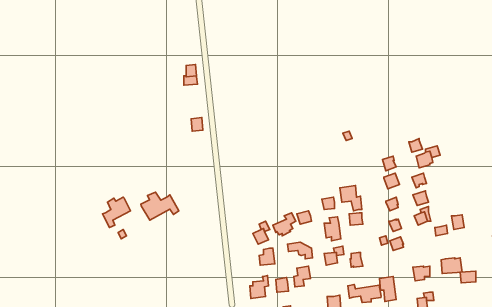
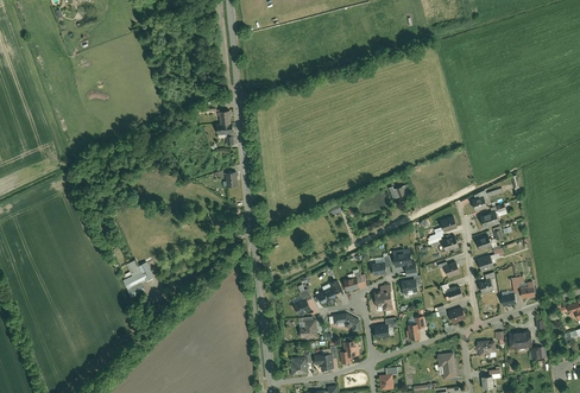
building: [141,192,179,220] -> none
building: [348,284,381,302] -> none

